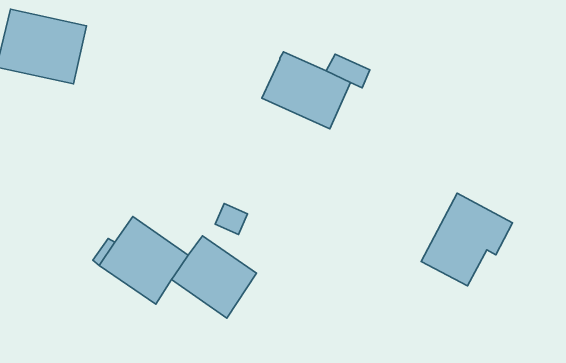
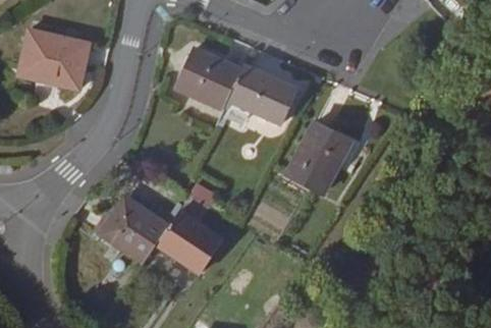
building: none -> [177,48,242,111]
building: [421,193,513,286] -> [287,121,360,195]

